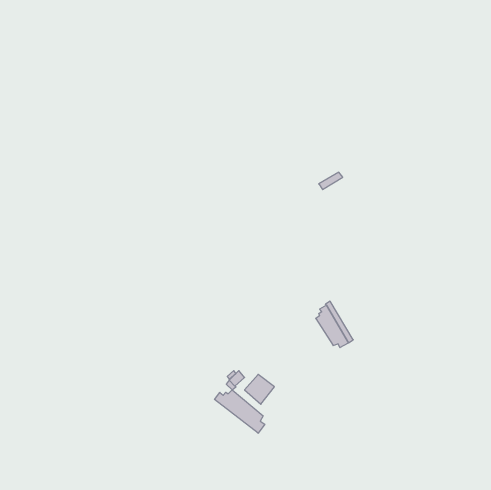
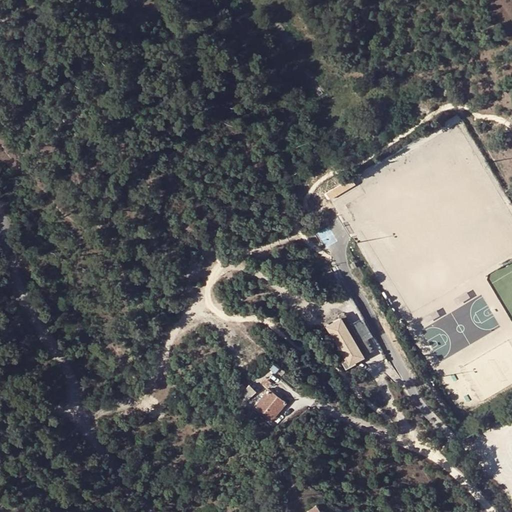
building: [215,390,265,433] -> none

